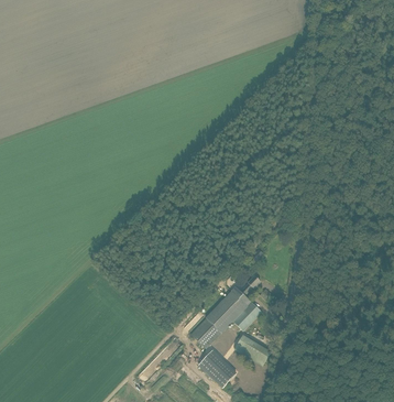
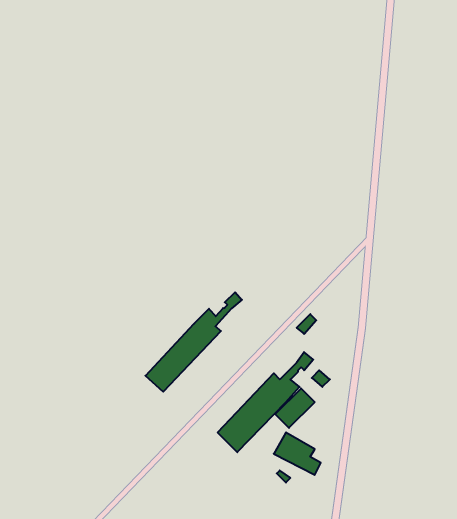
building: none -> [145,292,242,392]
building: [198,349,236,385] -> none

